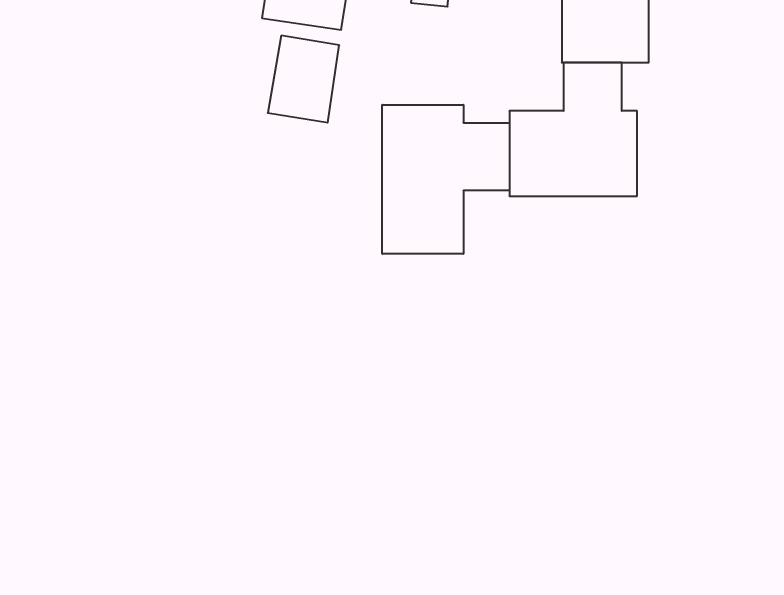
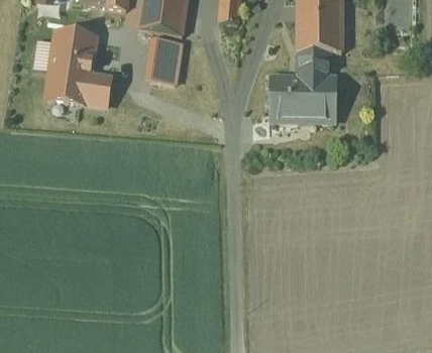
building: none -> [46,30,110,105]
building: [382,105,509,254] -> none

